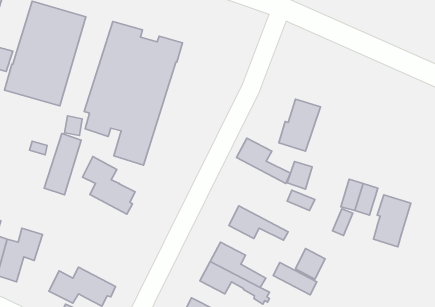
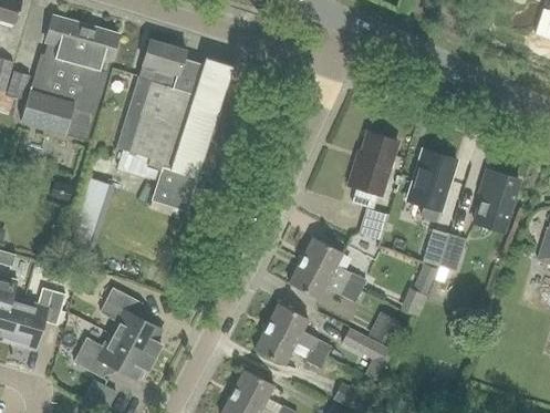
building: none -> [407,149,457,210]
building: [237,138,290,183] -> [301,237,365,291]
building: [82,157,135,214] -> [101,288,164,357]
building: [374,195,411,247] -> [475,169,519,231]

